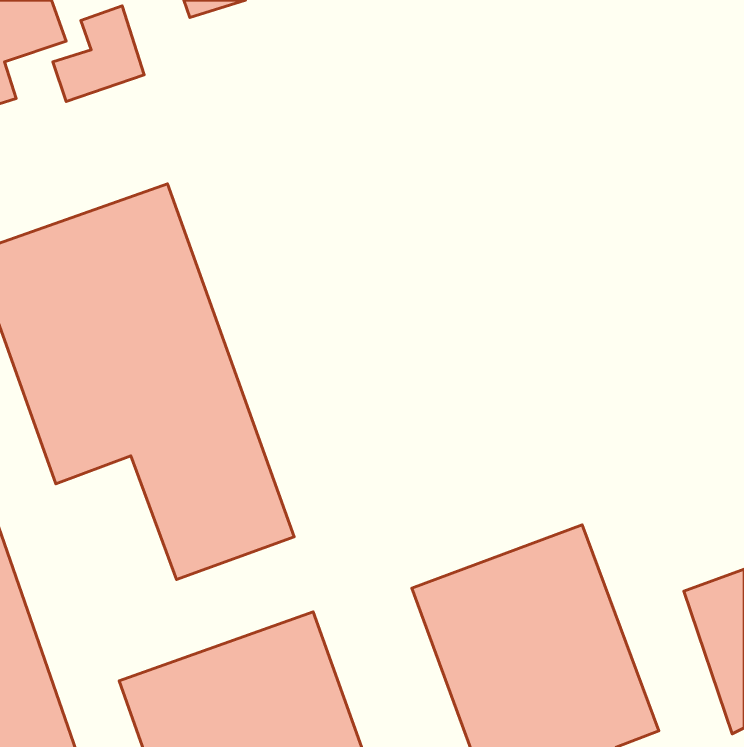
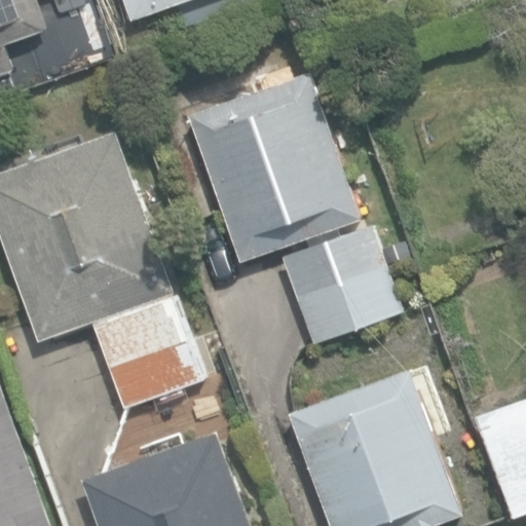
building: none -> [186,73,358,261]
building: none -> [281,226,401,344]

